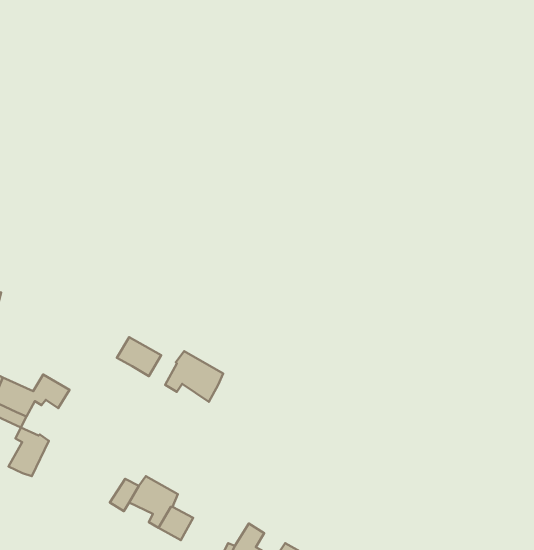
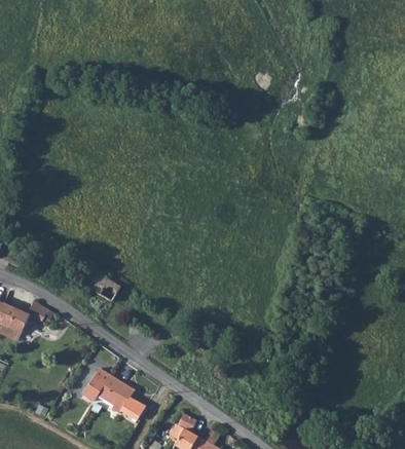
building: [165,351,223,402] -> none
building: [9,428,49,476] -> none

